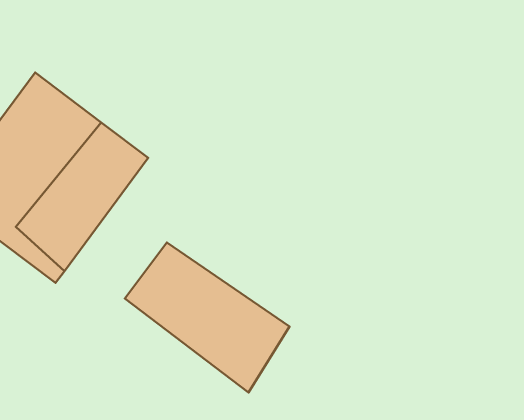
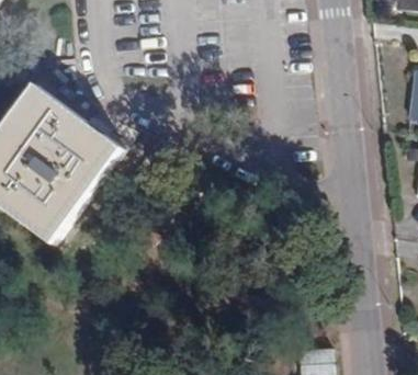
building: [125,243,290,392] -> none

